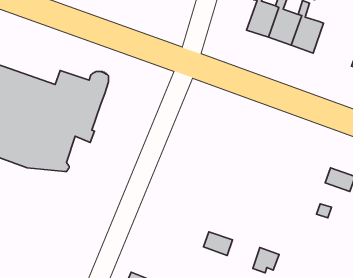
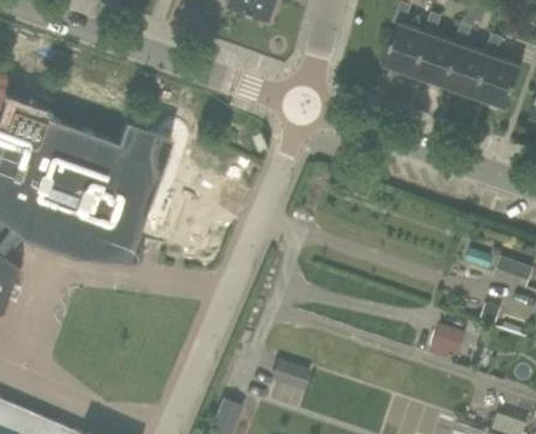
building: none -> [475,35,520,108]
building: [204,232,232,255] -> [270,359,310,392]
building: [253,247,279,273] -> [429,324,466,359]

